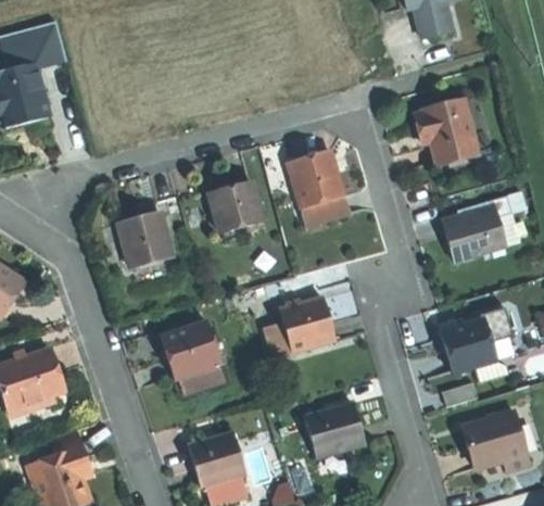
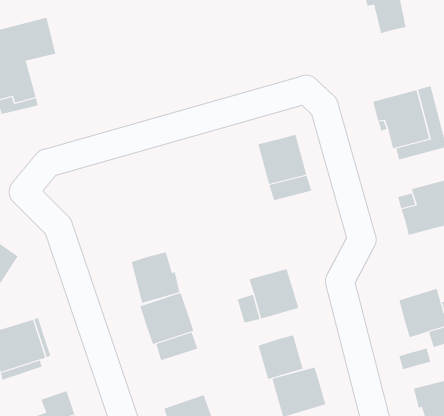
building: [208,179,263,231] -> none
building: [119,210,174,266] -> [131,252,180,303]
building: none -> [258,334,303,380]

